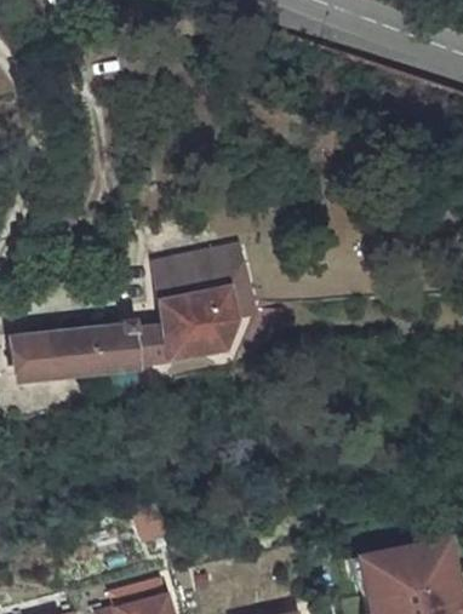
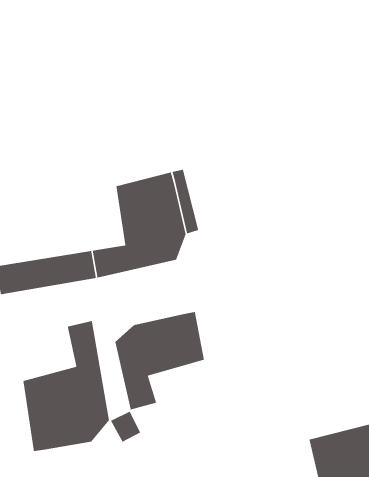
building: none -> [115,311,205,411]
building: none -> [23,320,110,452]

